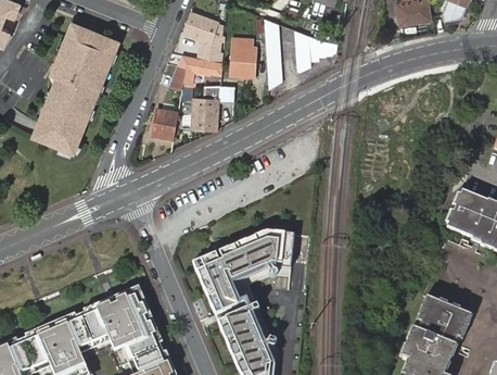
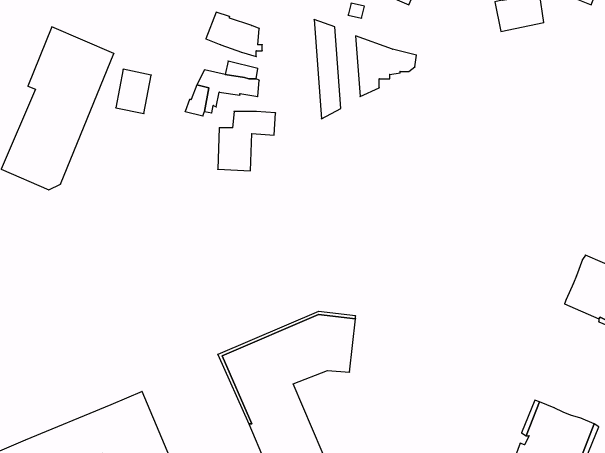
building: [230,38,255,77] -> none
building: [152,108,178,140] -> [116,69,151,114]

